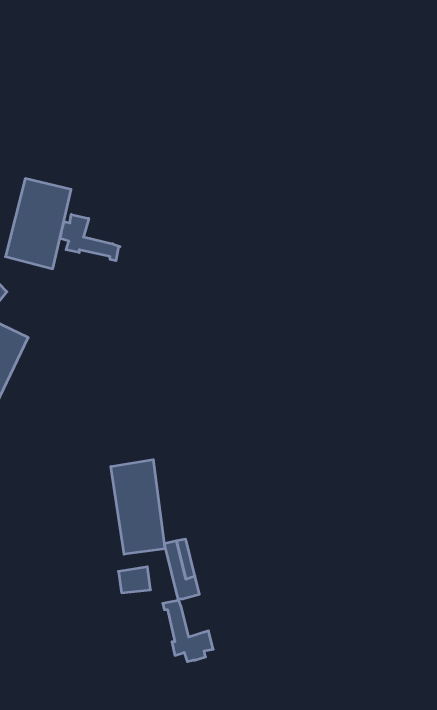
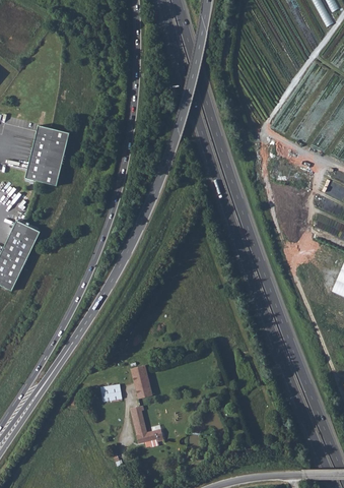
building: [60,214,120,261] -> none
building: [111,460,165,554] -> none

